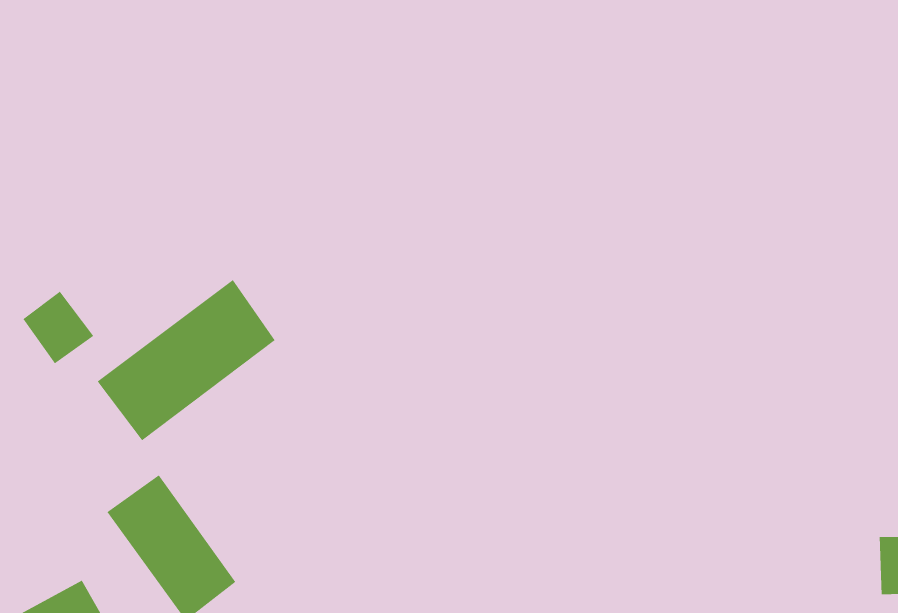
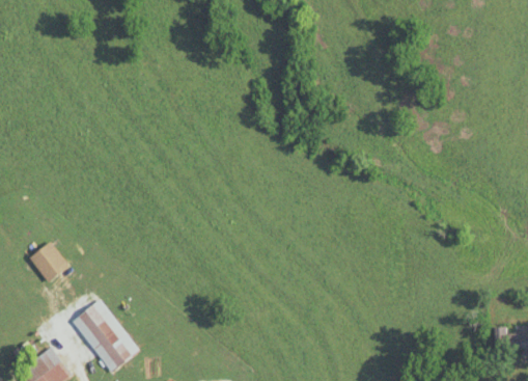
building: [97,279,275,441] -> none
building: [23,291,94,364] -> [29,242,68,282]

